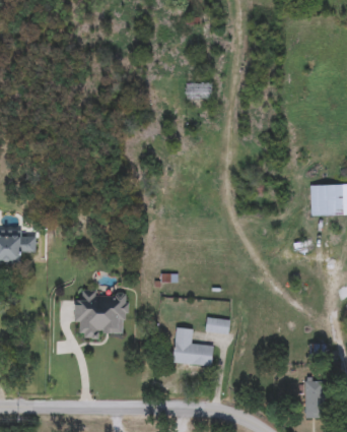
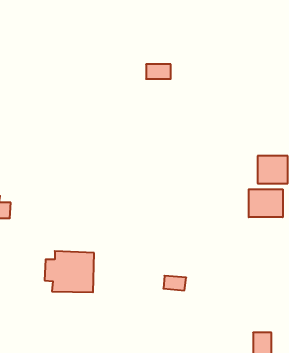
building: none -> [249,189,283,217]
building: [172,327,213,366] -> none

